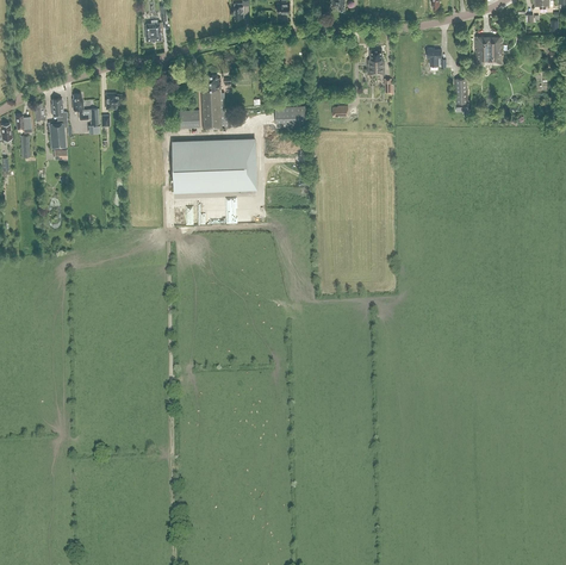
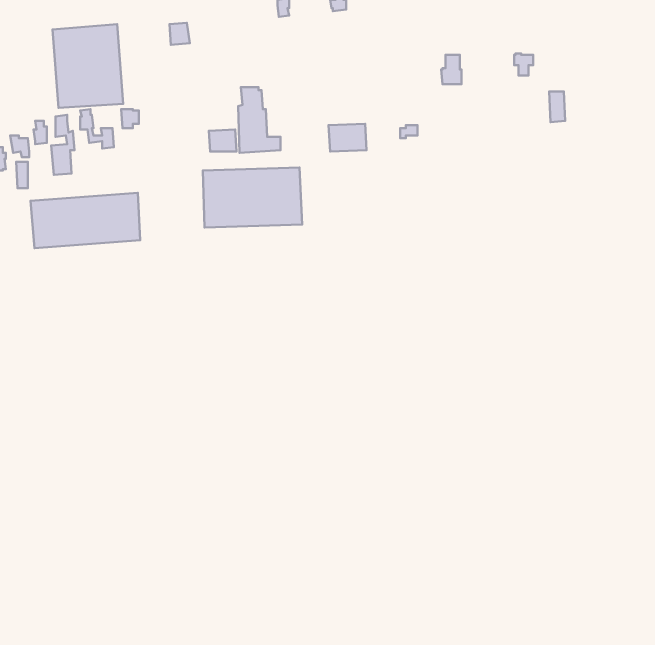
building: none -> [53,24,123,108]
building: [474,37,500,64] -> none
building: none -> [31,193,140,248]

